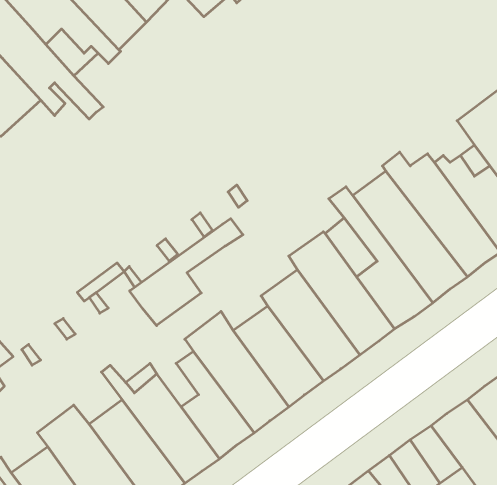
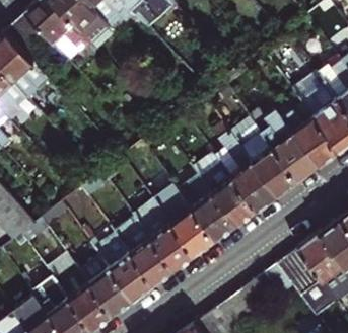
building: [130,219,243,326] -> none

